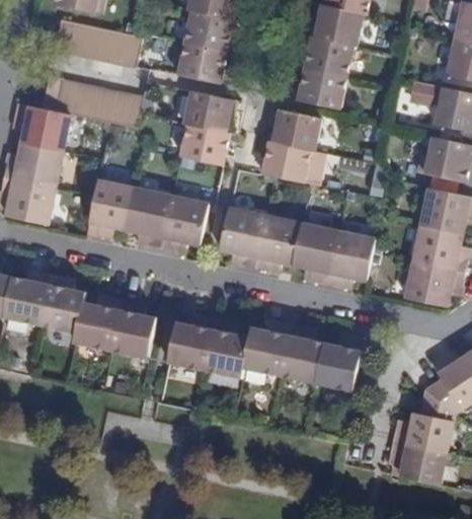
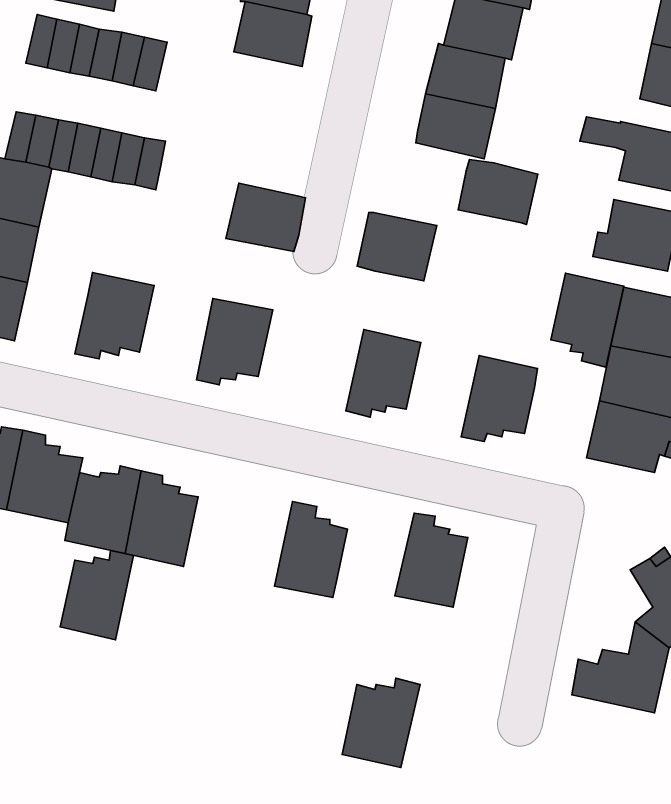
building: [177,41,227,83] -> none
building: [183,90,231,131] -> none
building: [271,109,321,150] -> [458,160,538,225]
building: [126,187,171,245] -> none
building: [221,207,265,265] -> none
building: [292,222,337,281] -> [551,273,624,367]
building: [175,318,221,374] -> [60,551,133,640]
building: [248,324,297,380] -> [342,678,420,767]
building: [321,340,367,395] -> none
building: [390,442,447,484] -> none

